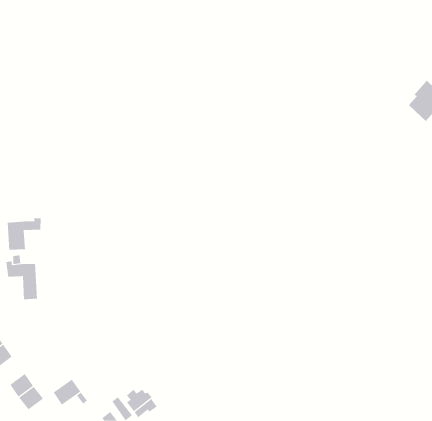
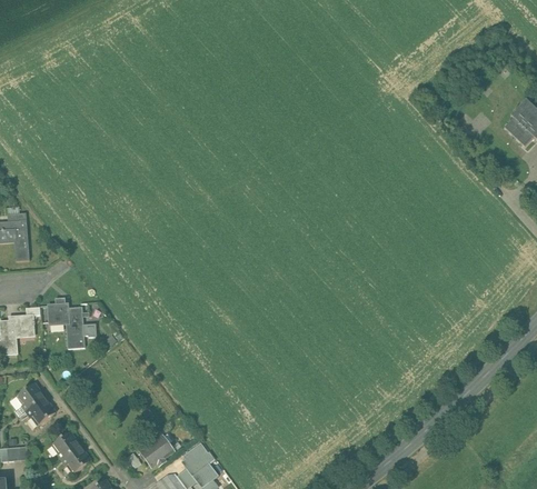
building: [7,217,41,251] -> none
building: [53,379,81,405] -> [141,436,173,466]

